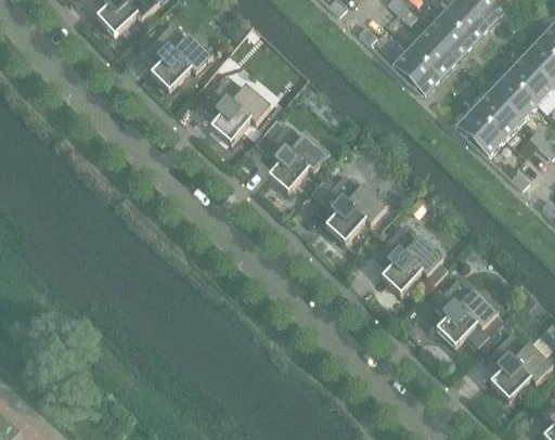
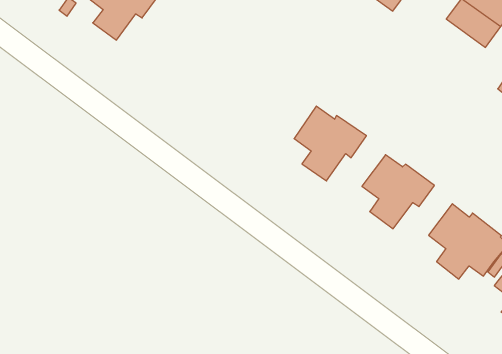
building: [204,74,270,142] -> none
building: [455,107,504,155] -> none
building: [254,118,328,191] -> none

